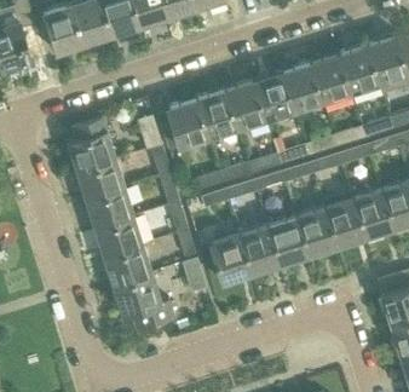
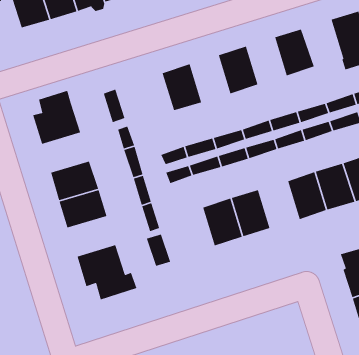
building: [339,45,380,93] -> none
building: [283,63,323,111] -> none
building: [226,81,266,129] -> none
building: [167,99,209,148] -> none
building: [76,160,125,200] -> none
building: [295,208,336,256] -> none
building: [209,235,250,283] -> none
building: [102,244,151,284] -> none

